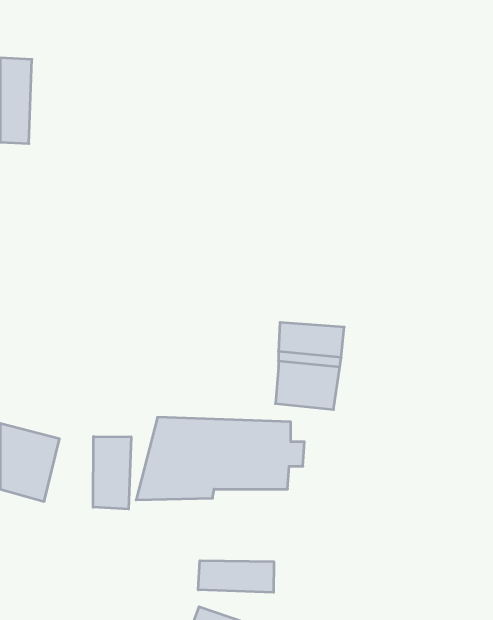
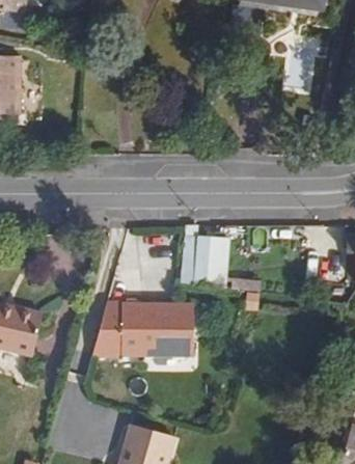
building: [93,436,131,509] -> none
building: [198,561,274,592] -> none

